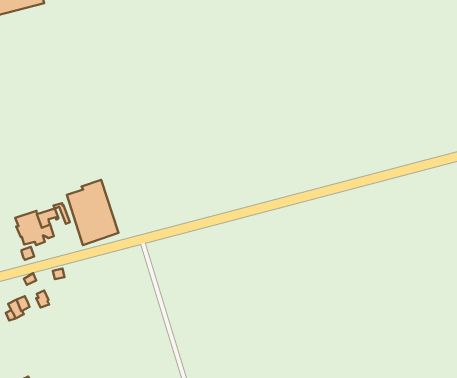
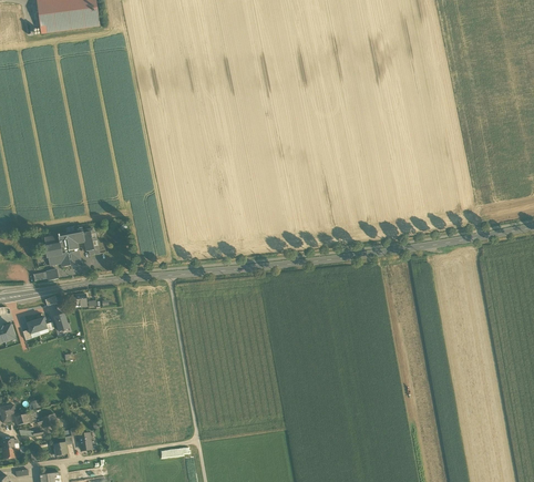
building: [67,180,119,245] -> none

